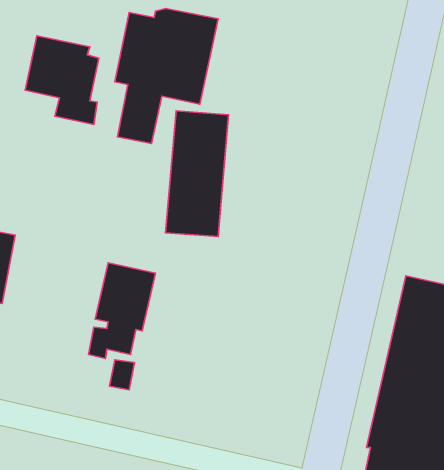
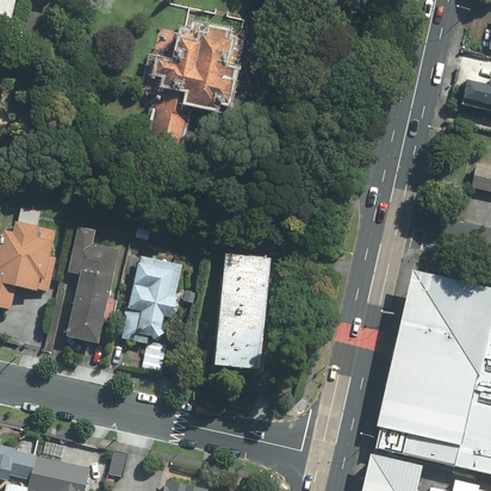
building: [25,36,99,125] -> none
building: [166,111,229,237] -> [215,256,272,371]
building: none -> [68,225,120,344]

